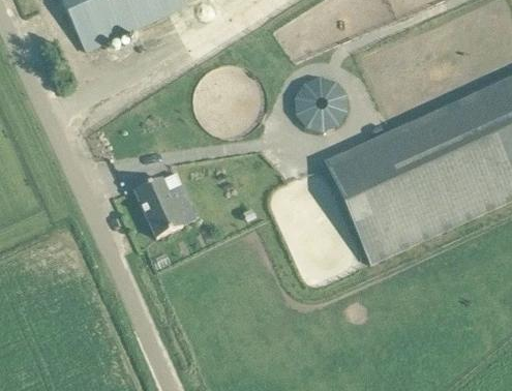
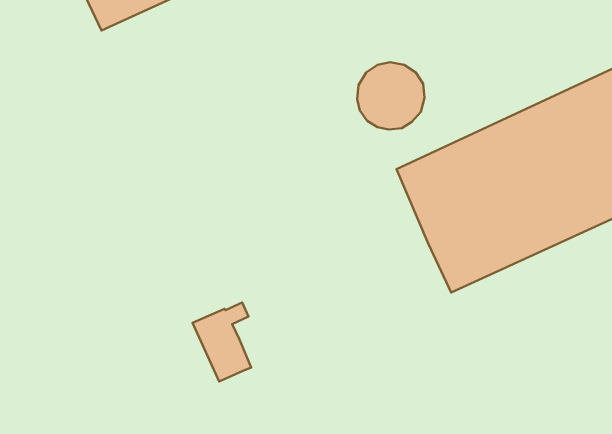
building: [135,173,183,237] -> [193,303,251,381]

